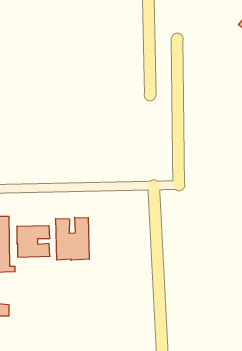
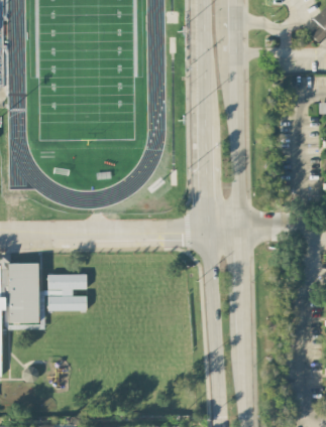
building: [56,217,89,260] -> none

